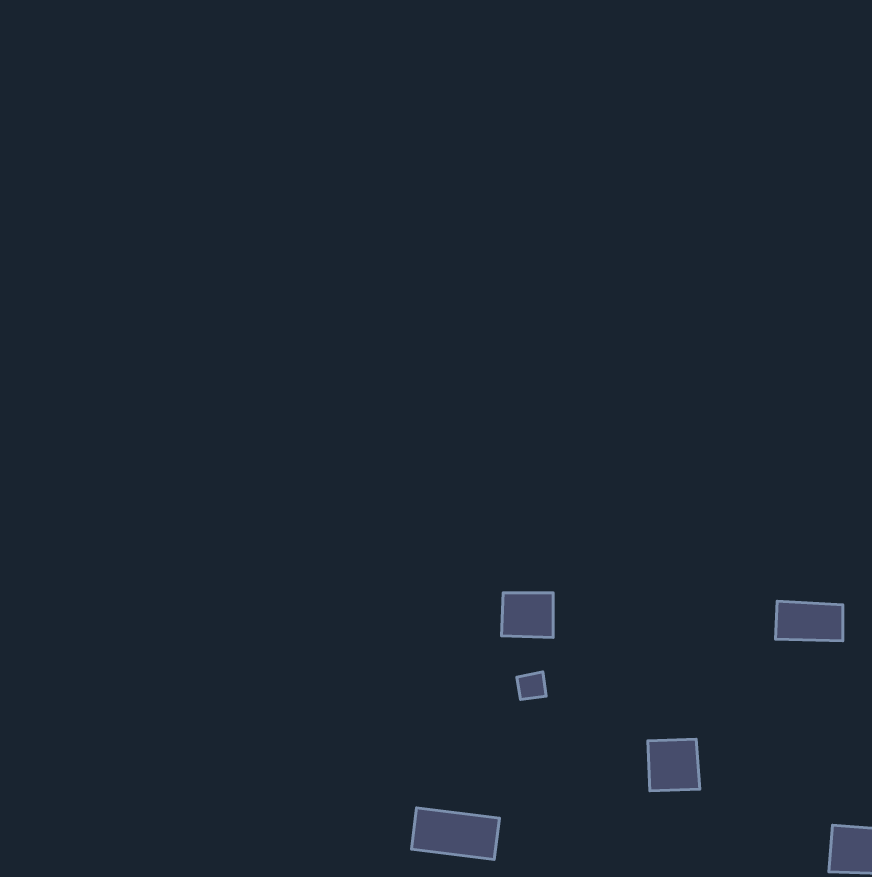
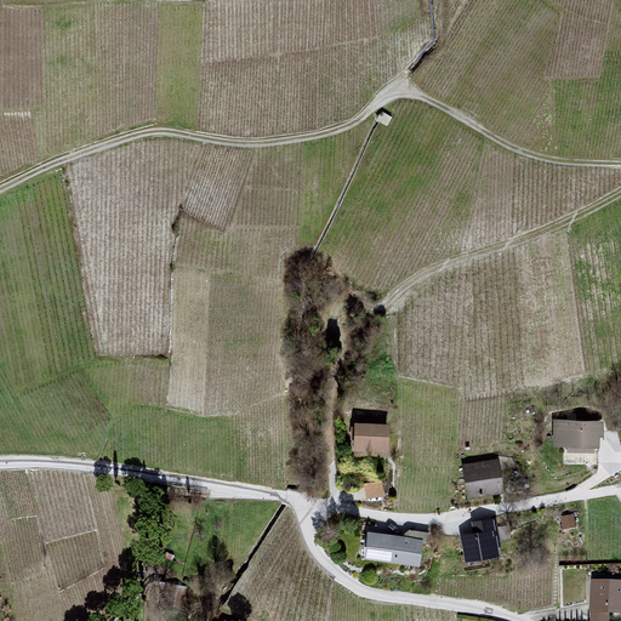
building: none -> [463,465,498,497]
building: [411,808,499,860] -> [359,529,421,565]

